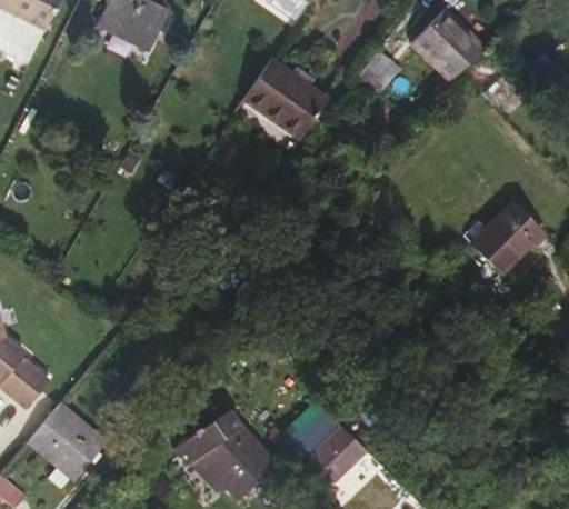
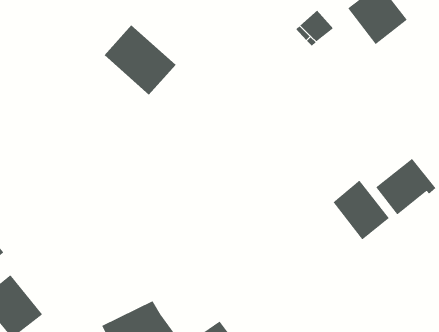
building: [244,60,330,139] -> [104,25,176,95]
building: none -> [332,179,390,241]

